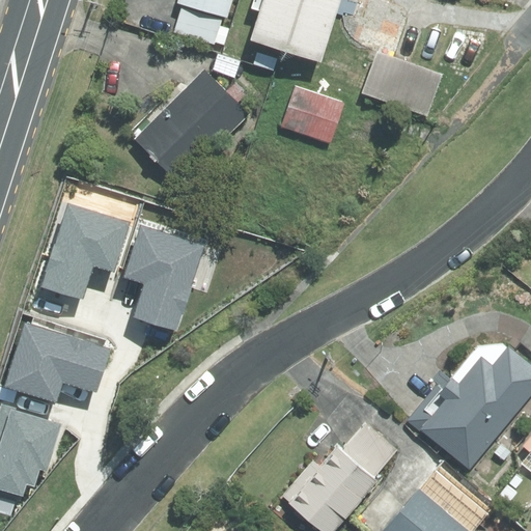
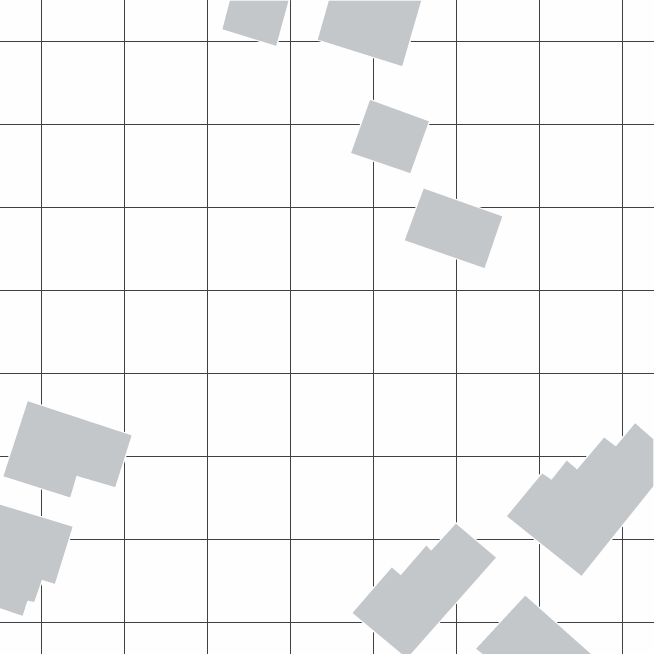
building: [364,49,444,114] -> [404,188,503,269]
building: [136,63,254,183] -> none
building: [39,211,122,302] -> none
building: [119,229,191,326] -> none

